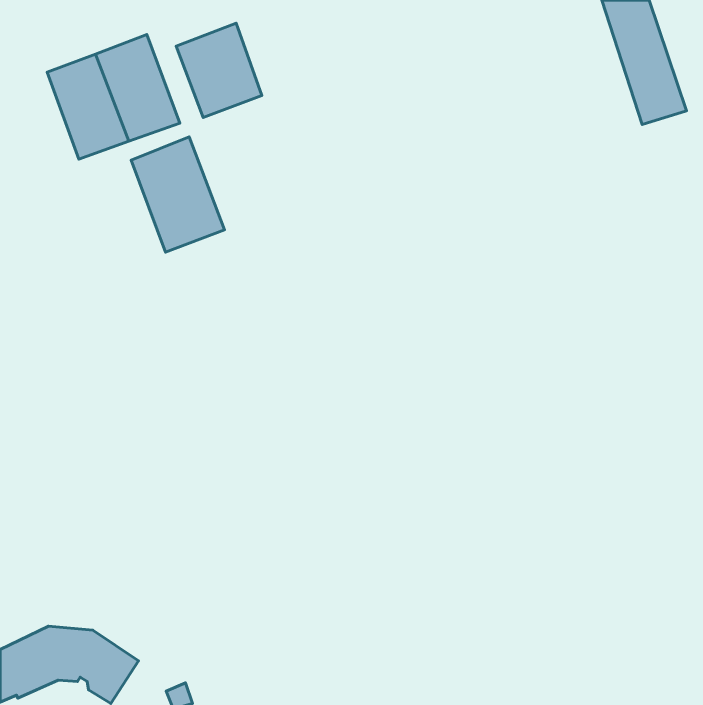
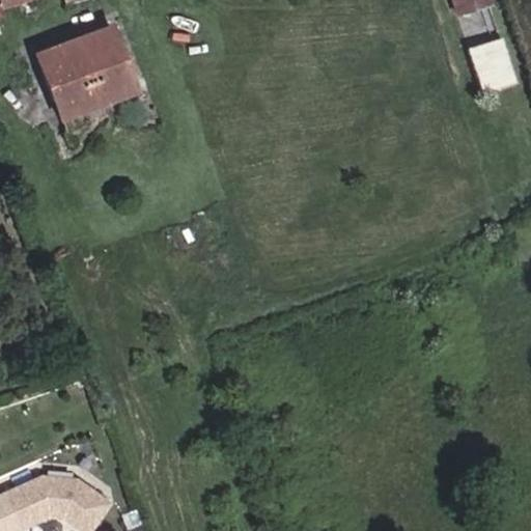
building: [176,23,262,117] -> none
building: [131,137,224,252] -> none

